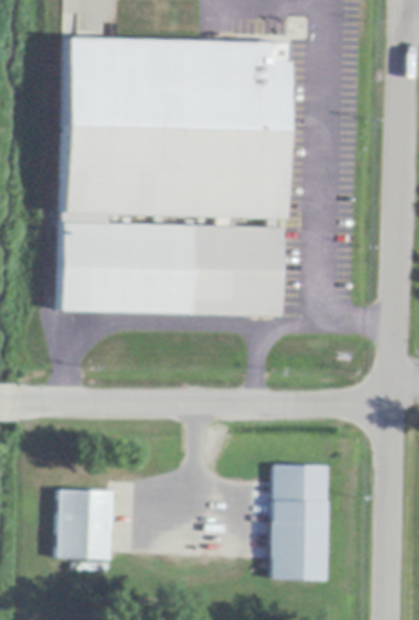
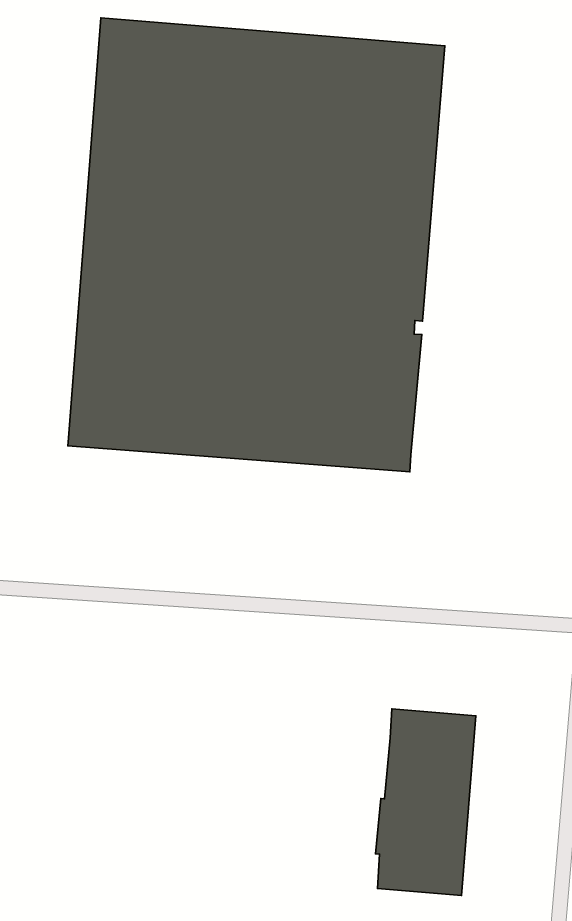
building: [57,488,114,558] -> none

